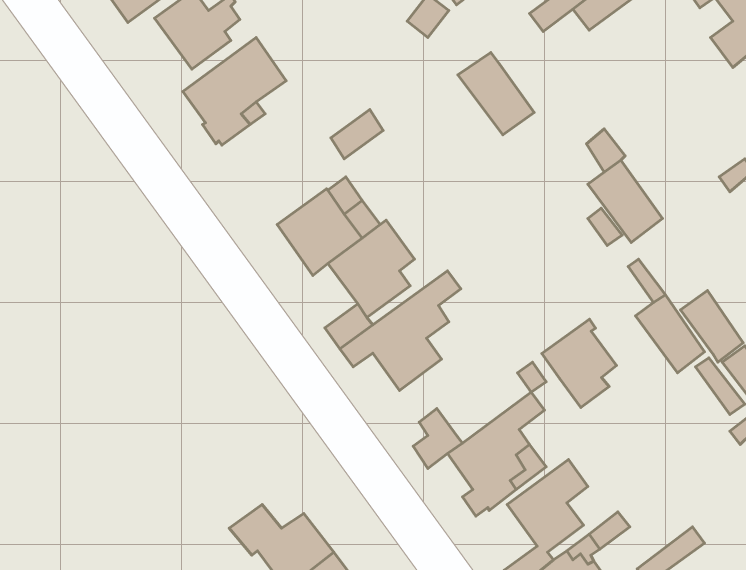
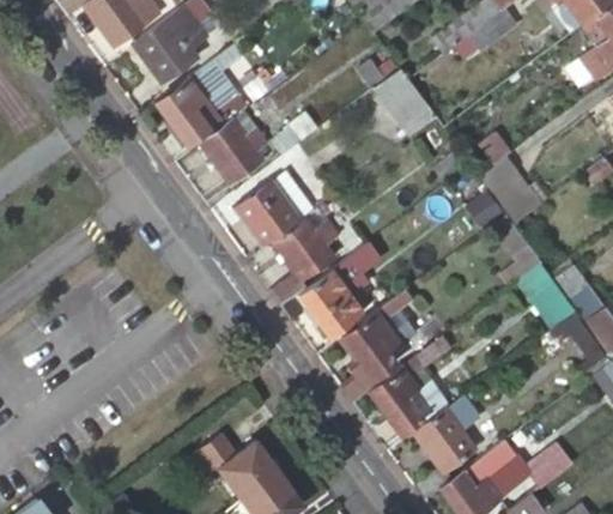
building: none -> [202,110,269,182]
building: [542,319,617,407] -> [346,308,406,379]

